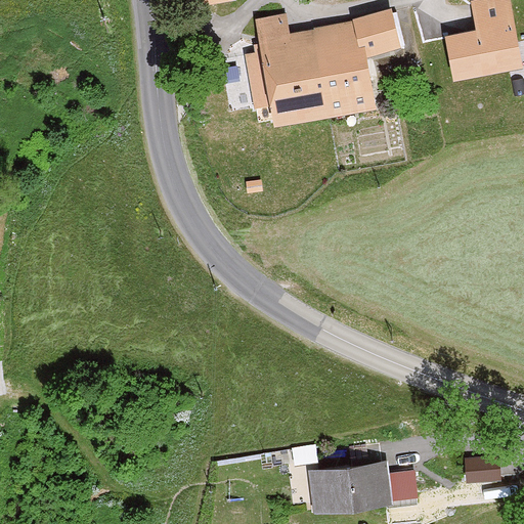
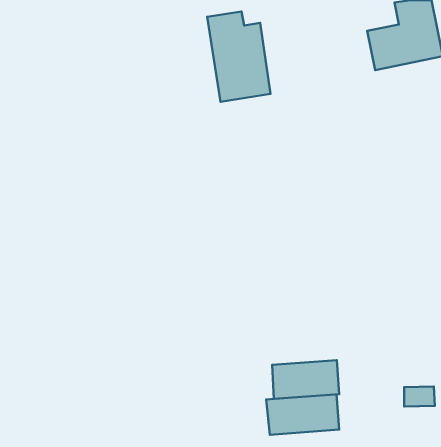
building: [312,17,398,112] -> none
building: none -> [272,360,339,399]

